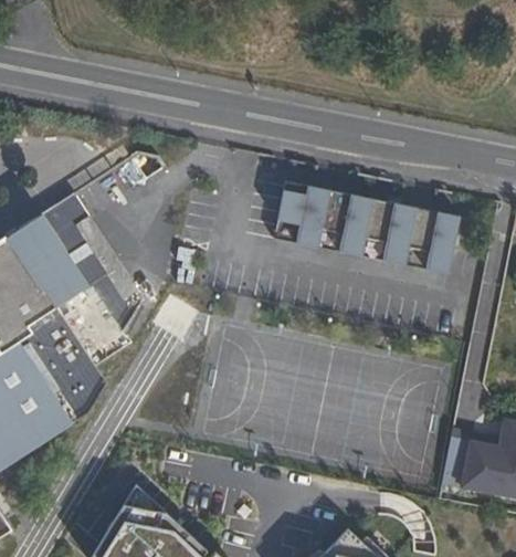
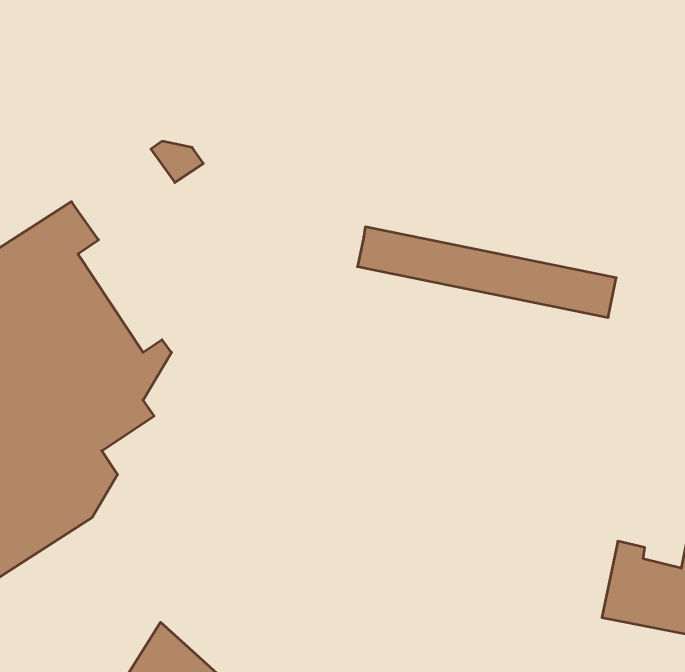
building: [277,181,459,246] -> none

